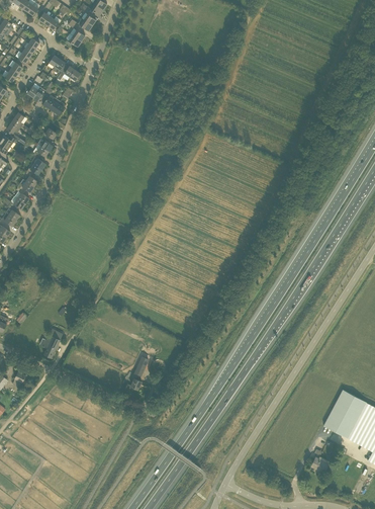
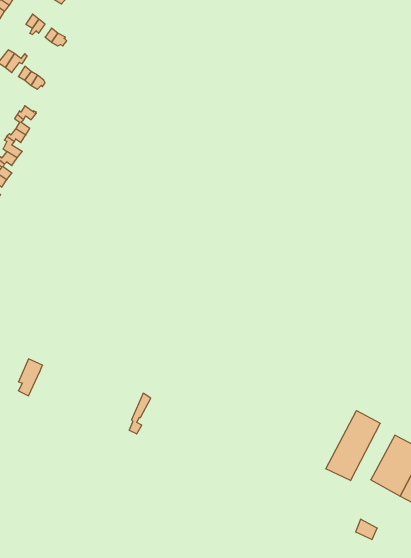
building: none -> [326,411,380,481]

